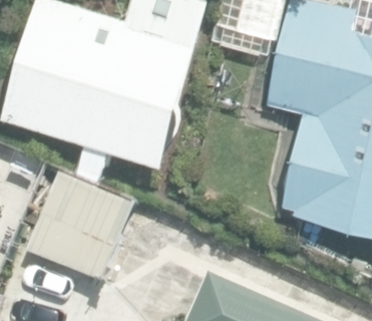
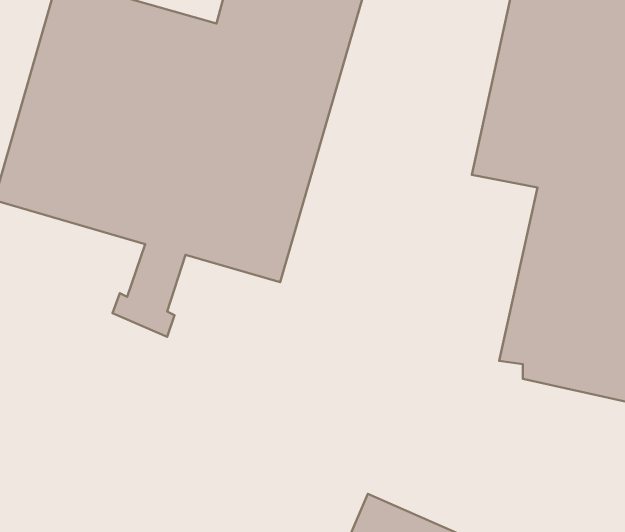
building: [22,174,130,285] -> none

